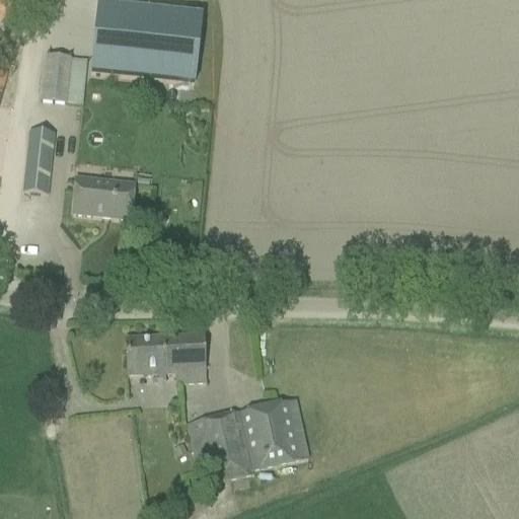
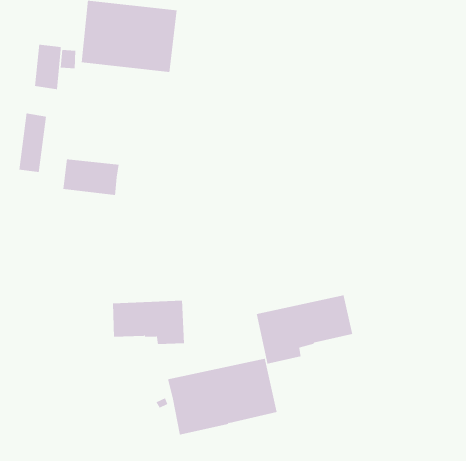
building: none -> [256,295,353,364]

